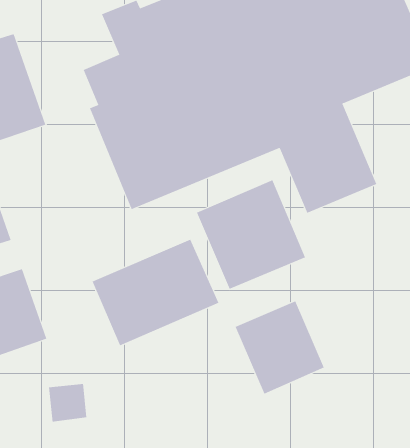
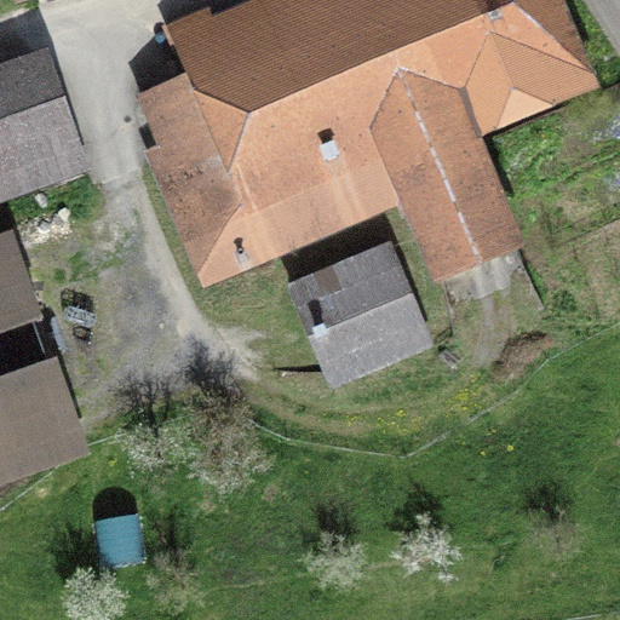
building: [92,239,219,346] -> none
building: [235,300,324,395] -> none

